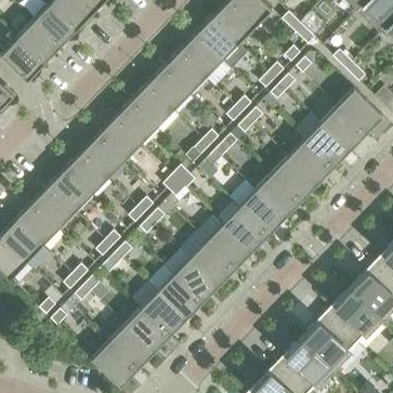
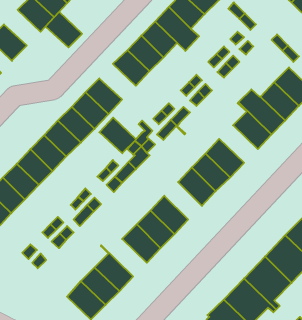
building: [16,21,60,63] -> [46,12,82,47]
building: [129,84,172,127] -> [99,118,136,153]
building: [271,157,316,201] -> none
building: [206,224,250,268] -> none
building: [131,284,185,336] -> none

